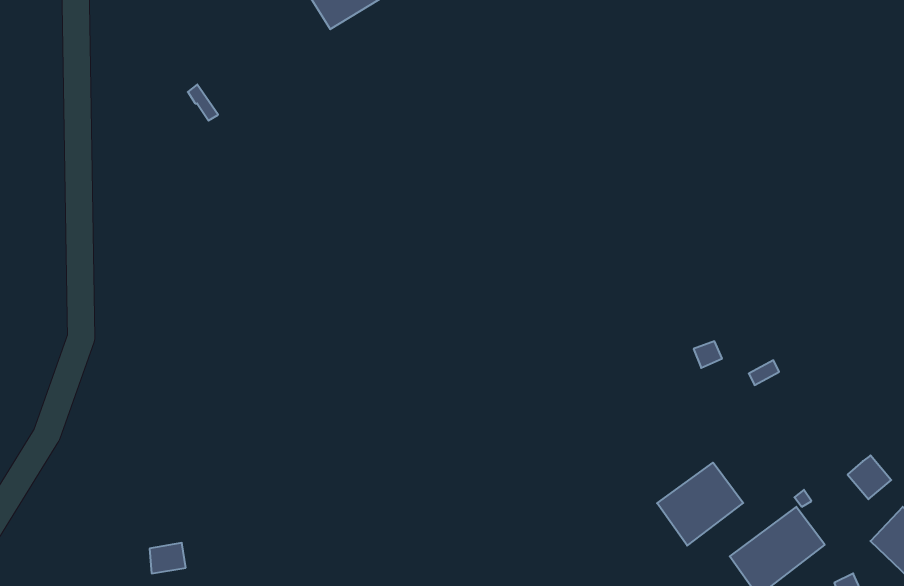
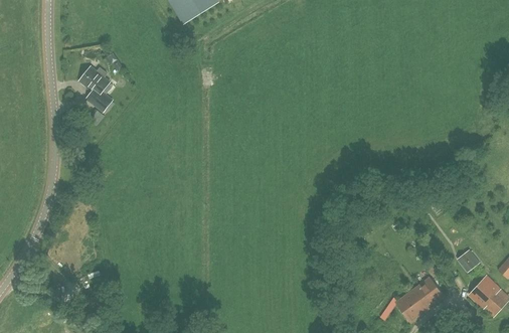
building: none -> [78,66,112,112]
building: [657,463,743,546] -> none

